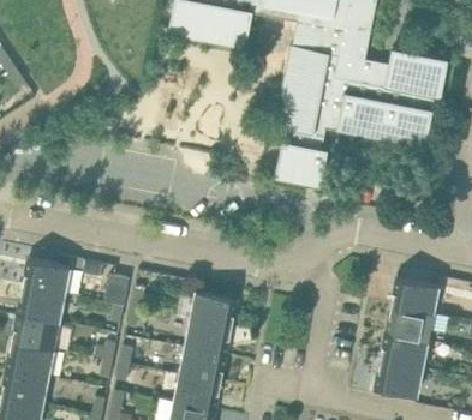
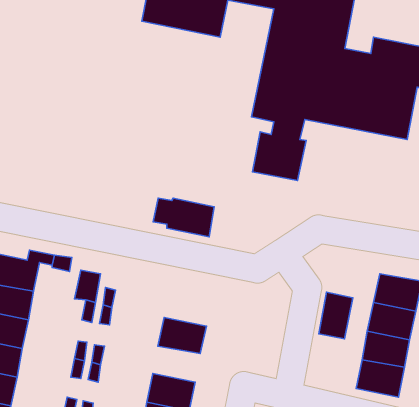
building: [178,293,237,330] -> [153,198,214,237]
building: none -> [319,292,353,339]
building: [180,349,226,384] -> none

